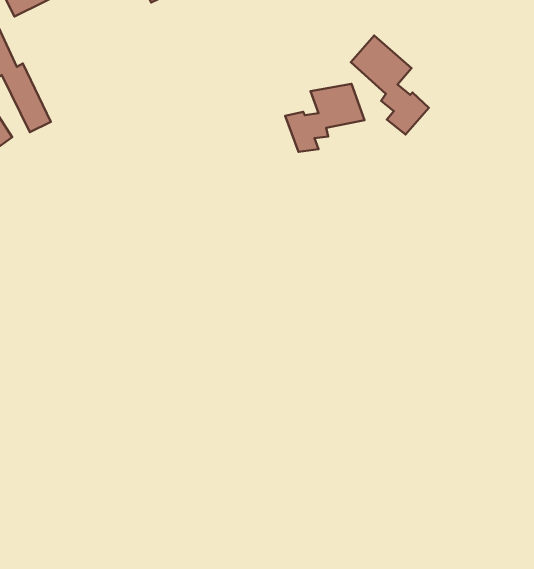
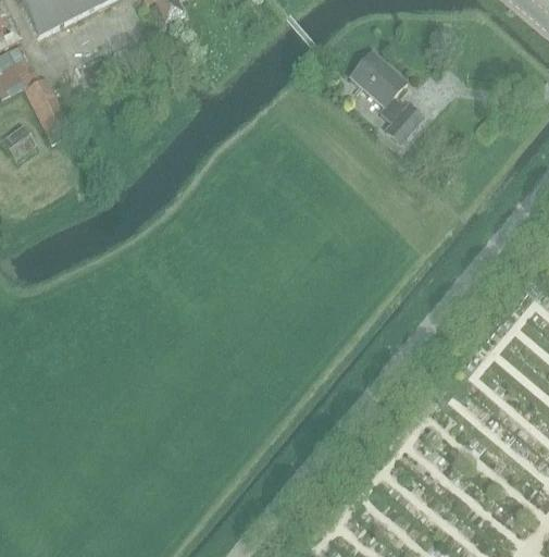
building: [285,84,365,152] -> none

